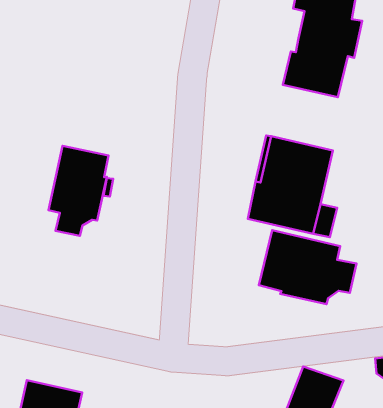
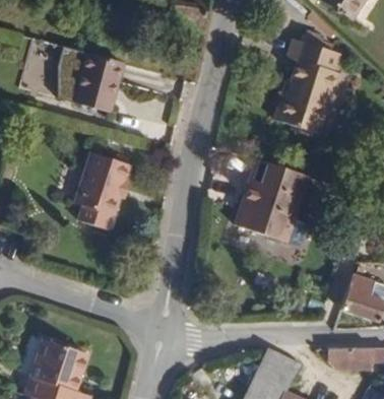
building: none -> [74,53,122,112]
building: [259,230,357,304] -> none

